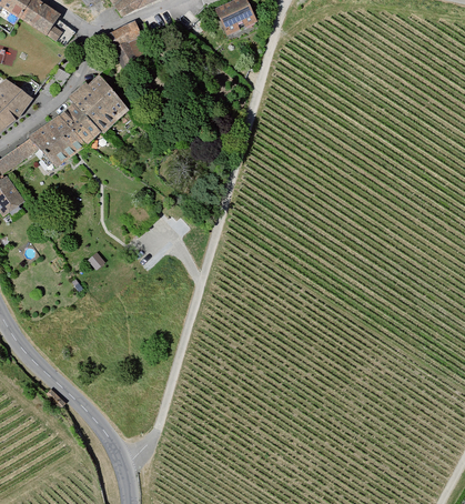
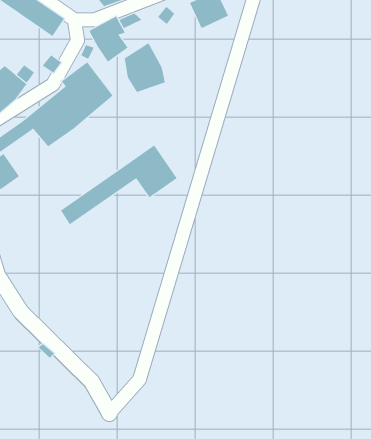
building: none -> [124,42,166,93]
building: none -> [60,145,178,225]

